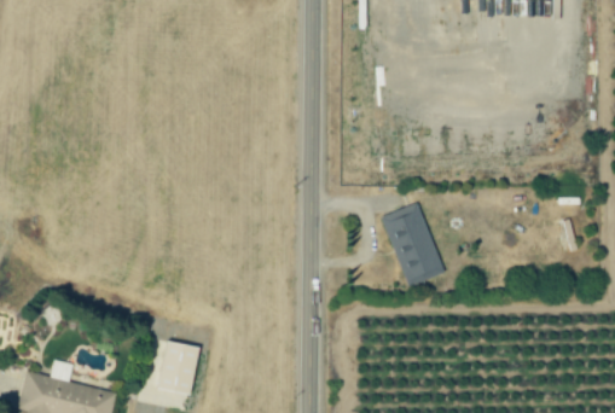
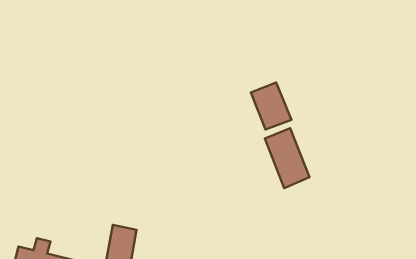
building: none -> [251,82,291,129]

